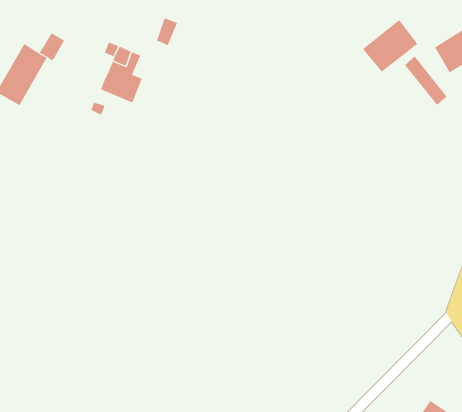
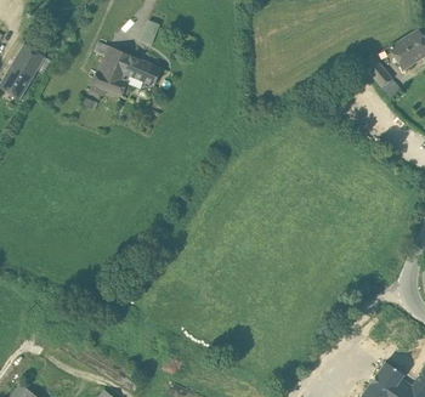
building: [362,19,418,72] -> none
building: none -> [121,55,160,85]

